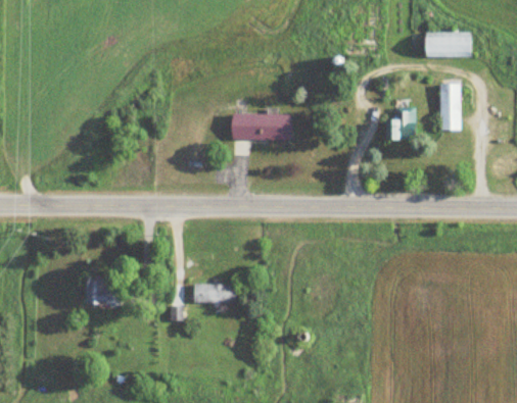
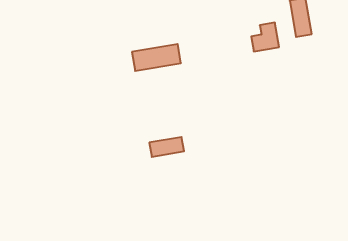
building: [85,281,126,304] -> none
building: [195,284,237,302] -> [149,137,184,157]

